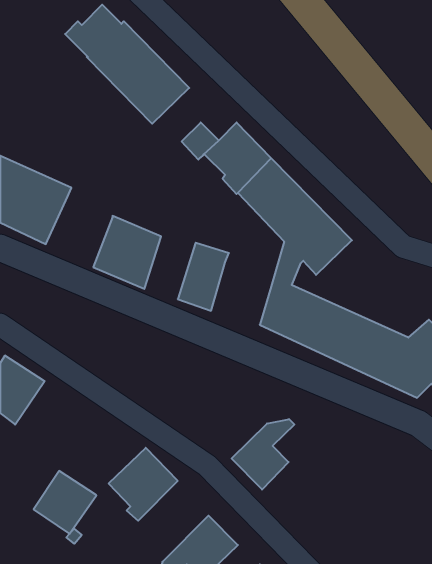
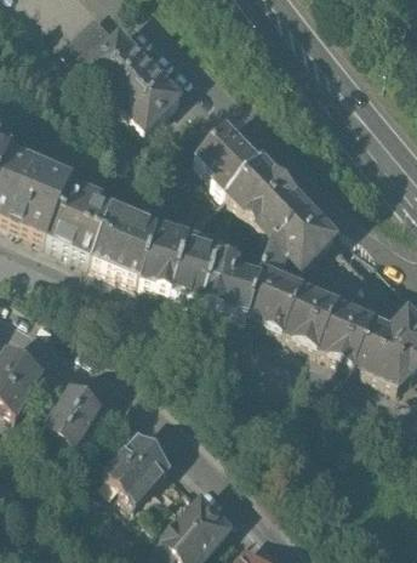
building: none -> [48,189,112,257]
building: none -> [142,224,190,288]
building: none -> [205,252,262,312]
building: [232,419,294,490] -> none
building: [34,471,96,534] -> [47,381,107,440]

